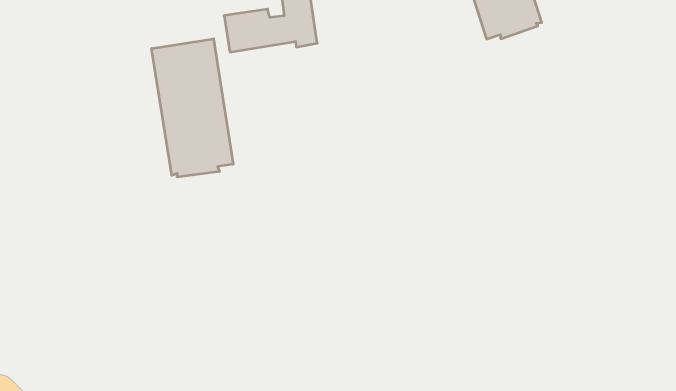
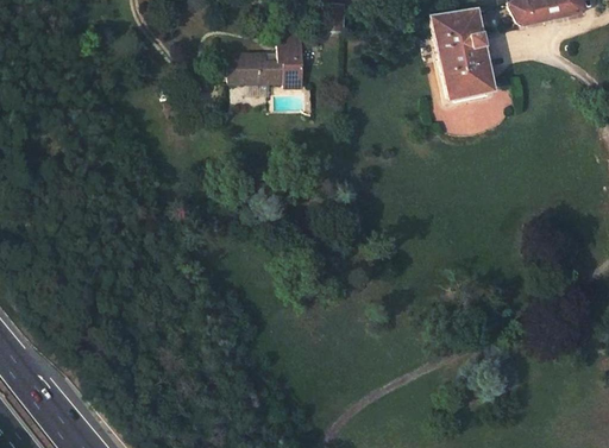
building: [152,39,233,177] -> none

